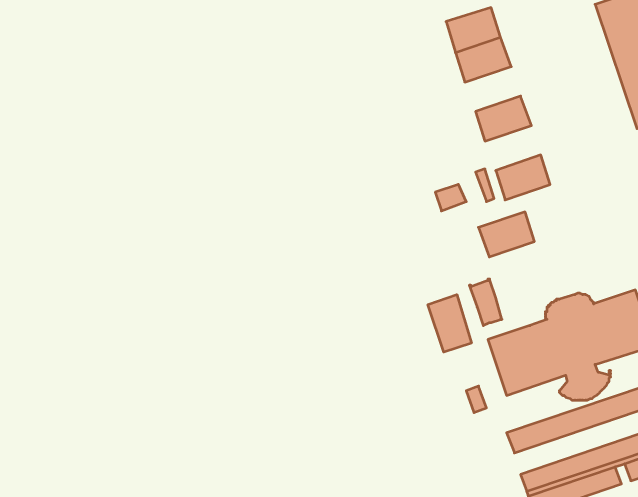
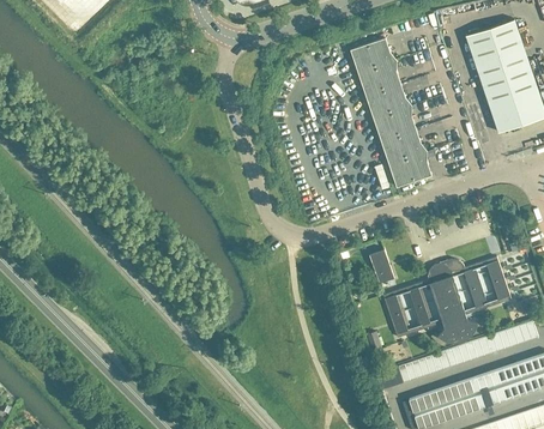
building: none -> [364,84,407,119]
building: [478,212,534,257] -> [380,129,423,164]
building: [428,295,471,352] -> none

